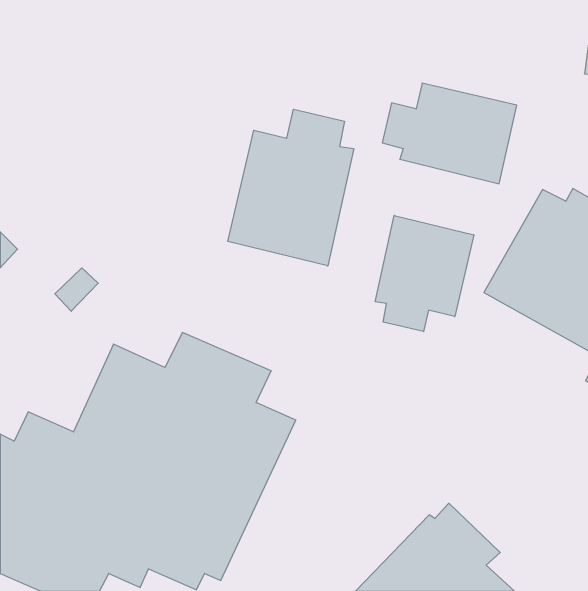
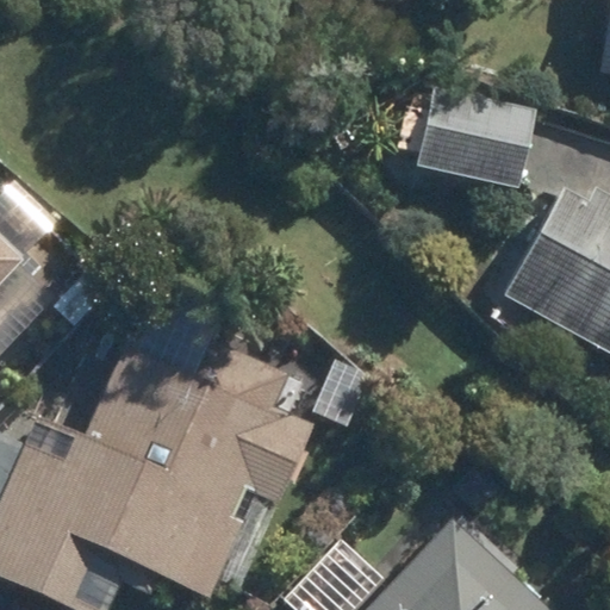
building: [228,109,354,266] -> none
building: [375,215,474,332] -> none

